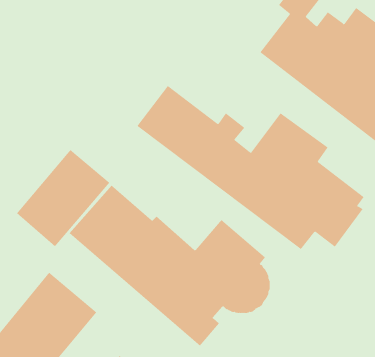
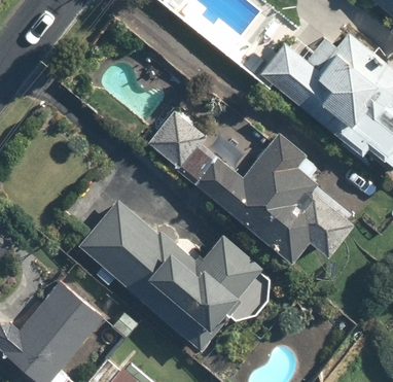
building: [16,149,110,247] -> none

